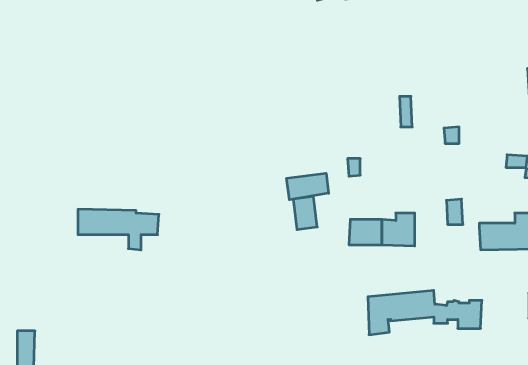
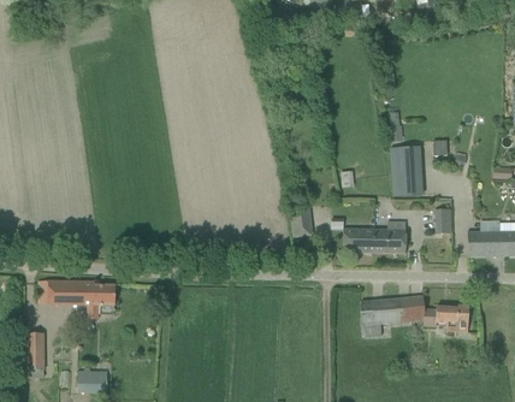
building: none -> [391,146,424,195]
building: [287,173,329,200] -> none
building: [78,209,159,250] -> [37,280,114,319]

